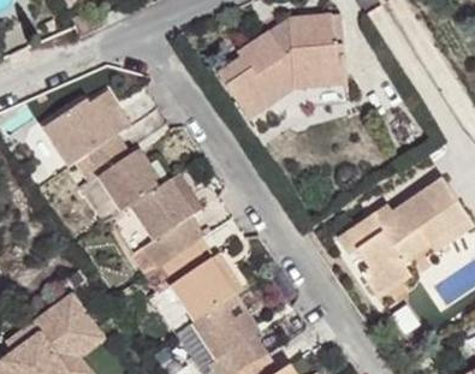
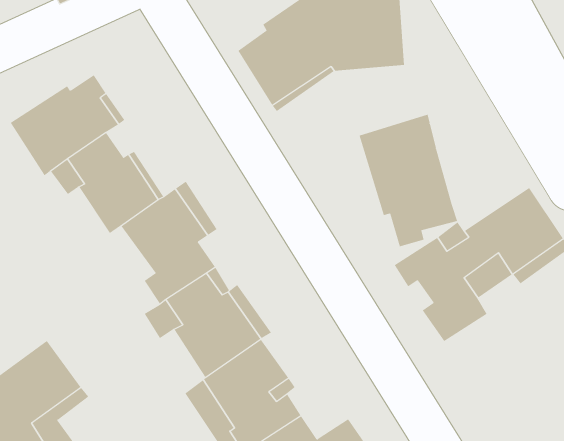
building: none -> [359,114,458,247]

